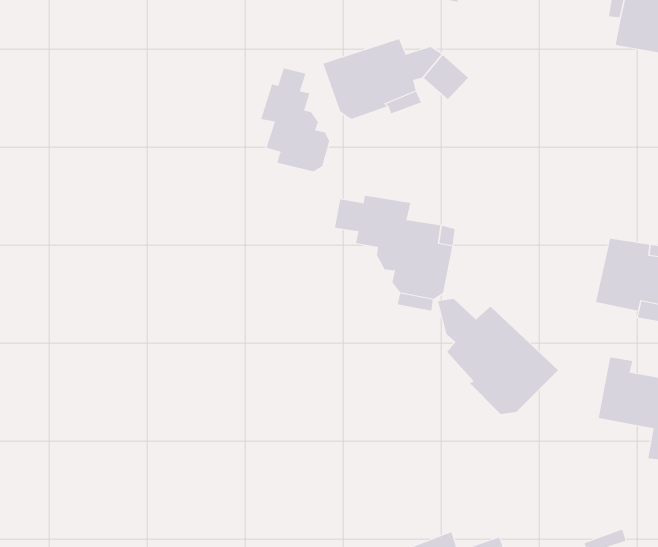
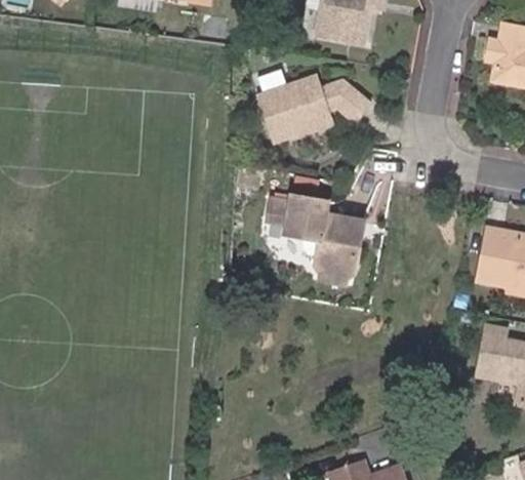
building: [260,67,330,172] -> none
building: [438,298,559,415] -> none

